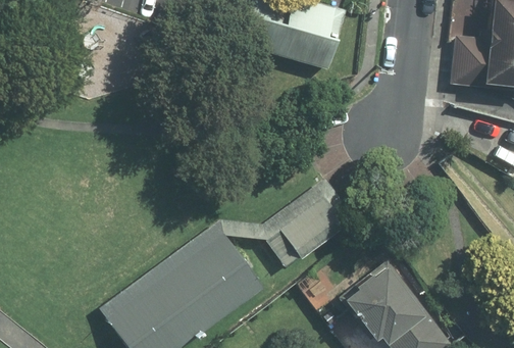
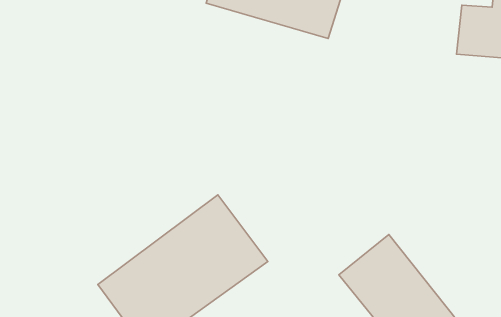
building: [265,195,348,268] -> none

